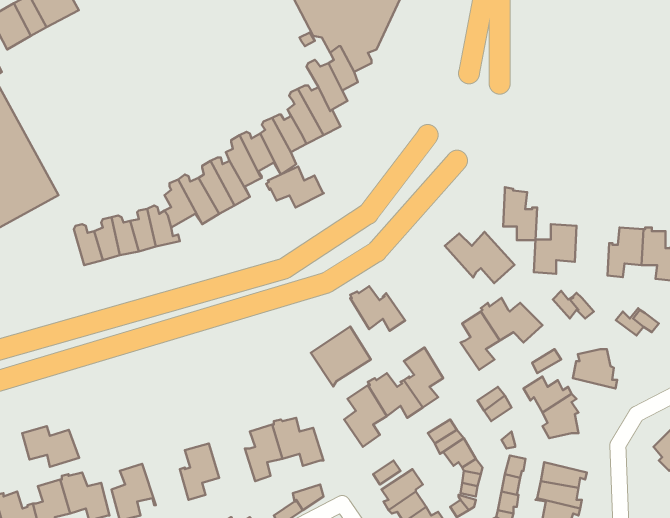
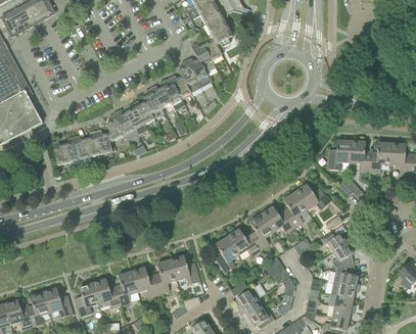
building: [266,167,324,207] -> none
building: [503,187,537,240] -> [351,138,371,170]
building: [445,232,515,283] -> none
building: [350,286,405,331] -> [261,205,293,232]
building: [311,327,371,387] -> none
building: [573,349,617,388] -> [332,264,359,287]
building: [22,426,79,467] -> none
building: none -> [132,266,159,295]
building: none -> [92,278,120,306]

